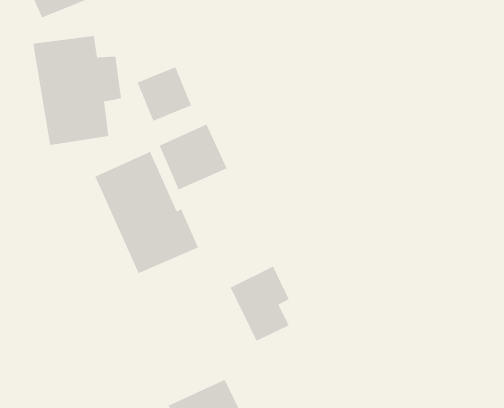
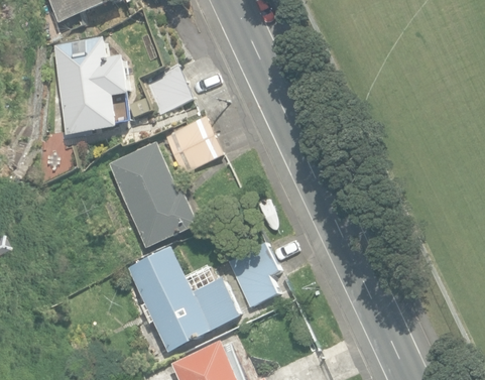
building: none -> [126,245,242,353]

